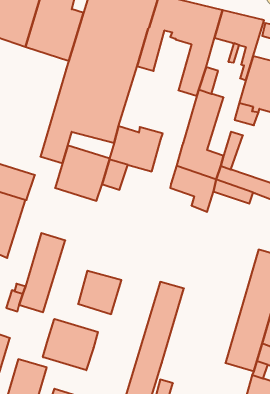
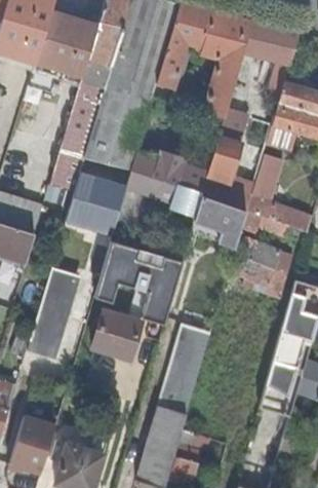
building: none -> [172,165,208,215]
building: none -> [93,241,181,326]
building: none -> [232,245,278,289]
building: [43,319,98,370] -> none

